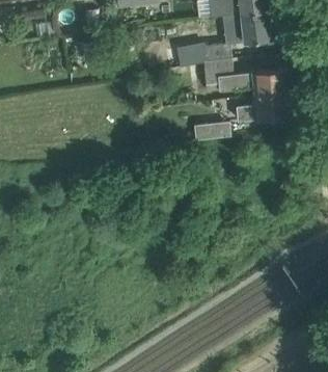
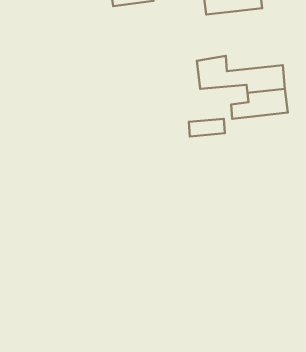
building: [241,10,270,43] -> none
building: [180,43,230,63] -> none

